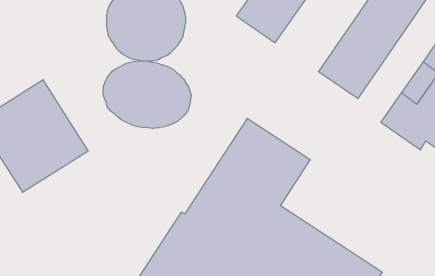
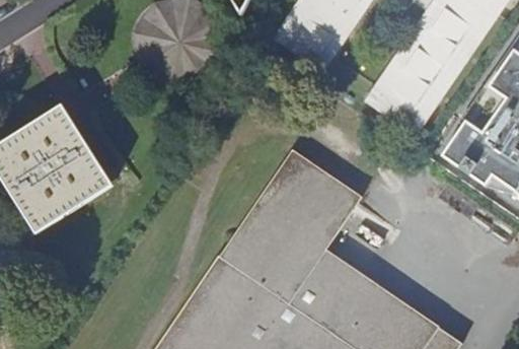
building: [103,61,191,129] -> none

